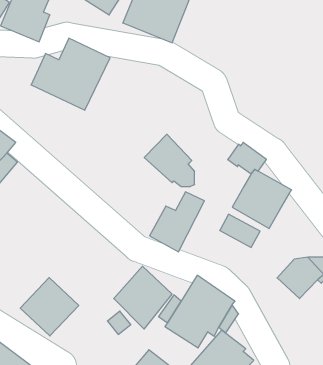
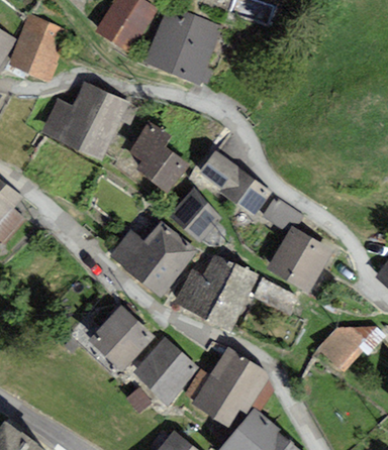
building: none -> [128,121,190,194]
building: none -> [197,150,272,215]
building: none -> [110,221,196,297]
building: none -> [206,262,258,333]
building: [20,278,79,336] -> [88,306,154,371]

